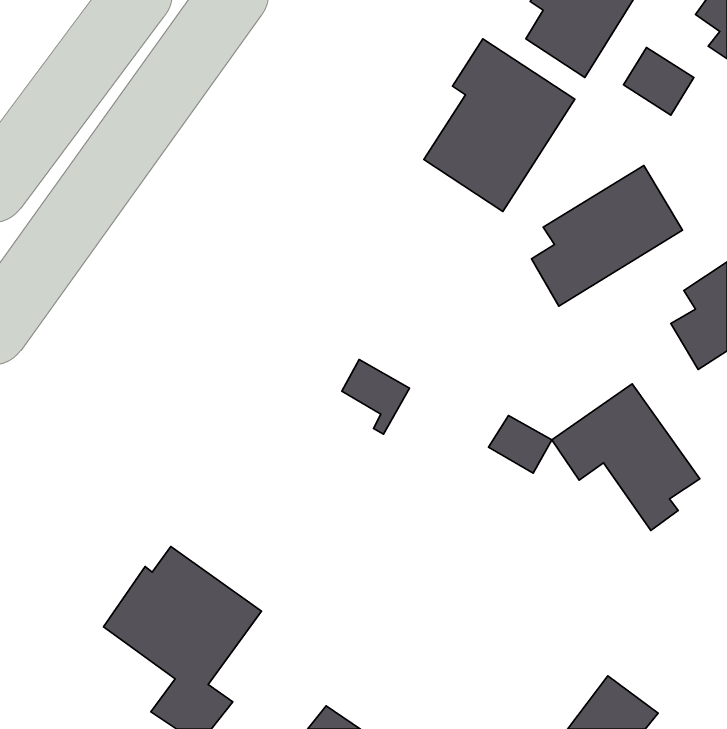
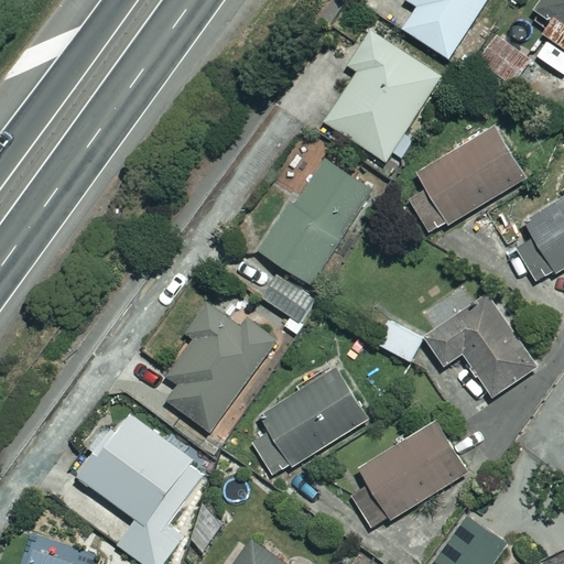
building: none -> [258,161,372,286]
building: none -> [167,303,269,431]
building: none -> [261,369,367,467]
building: none -> [349,420,466,530]

